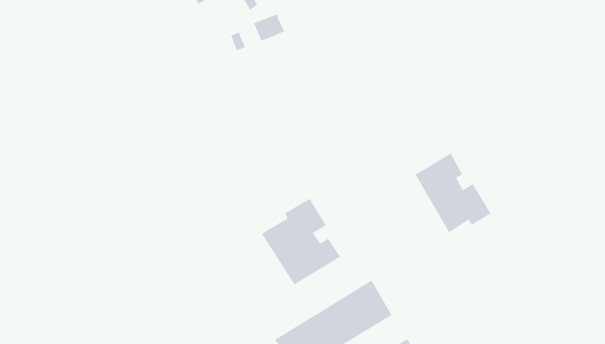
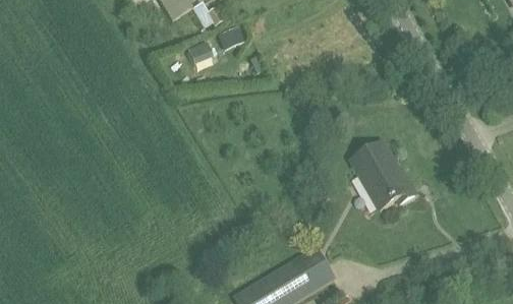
building: [261,198,341,286] -> none

